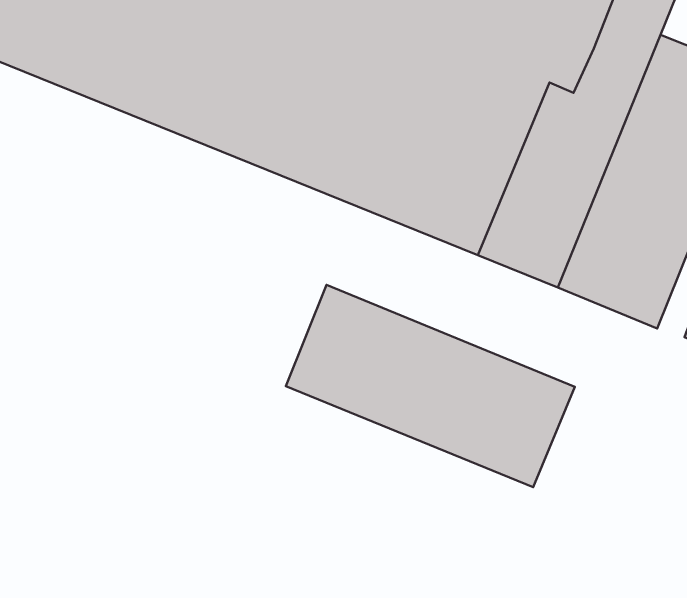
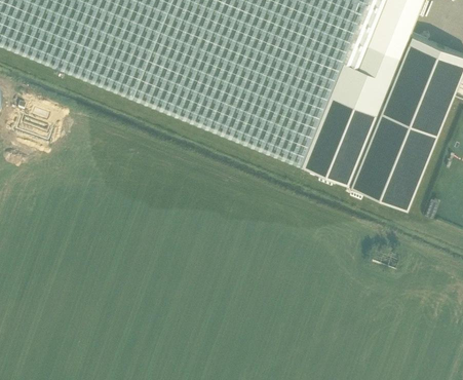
building: [286,285,575,487] -> none

